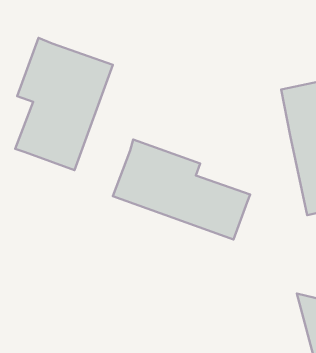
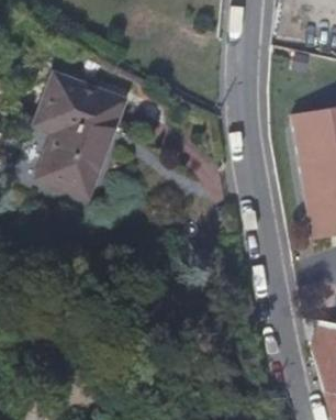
building: [113,140,250,240] -> none

